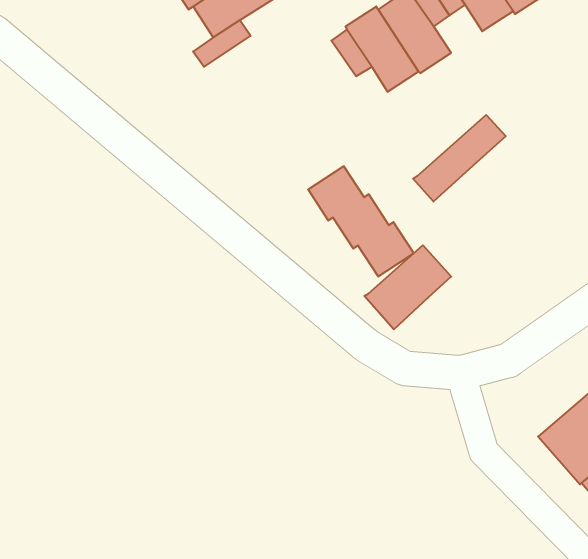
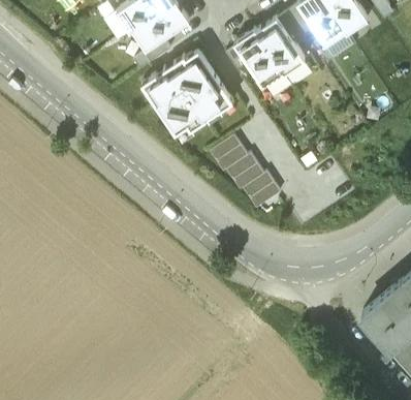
building: none -> [143,50,234,133]
building: [413,115,506,202] -> none
building: [364,245,451,329] -> none

